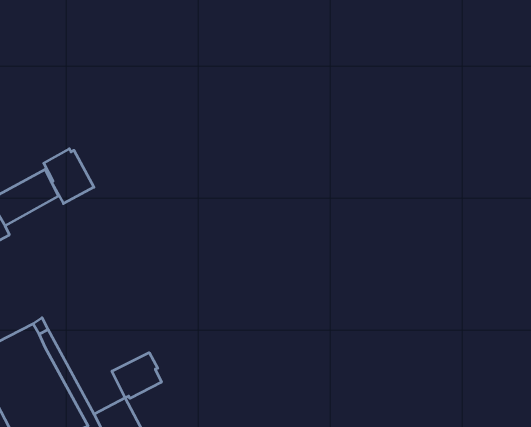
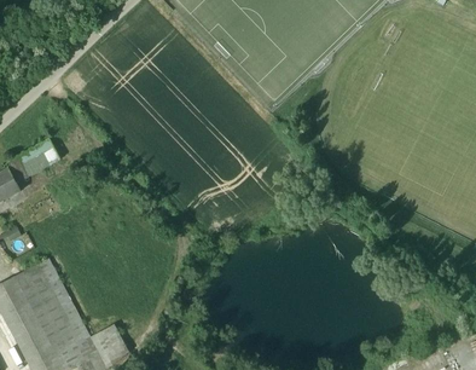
building: [44,149,94,204] -> none
building: [112,353,161,398] -> none

